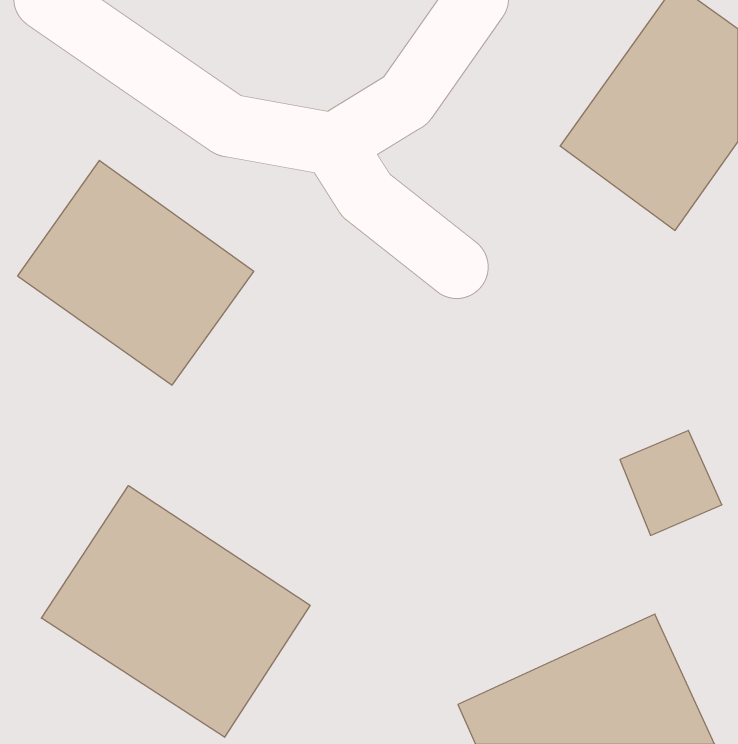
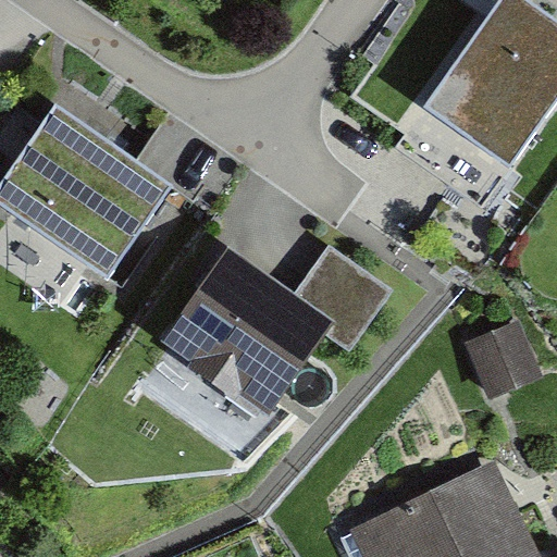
building: none -> [173,253,403,416]
building: [41,486,310,737] -> none

